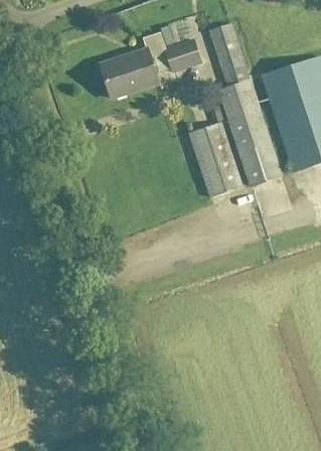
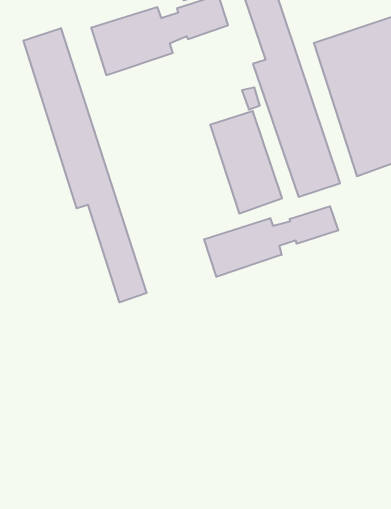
building: none -> [24,28,147,302]
building: none -> [204,206,338,277]

